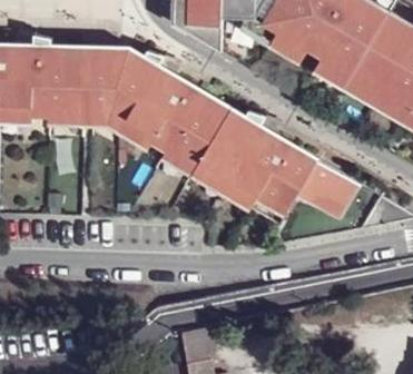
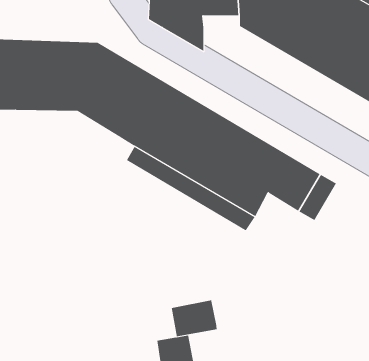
building: [47,112,146,151] -> none
building: none -> [171,299,217,337]

